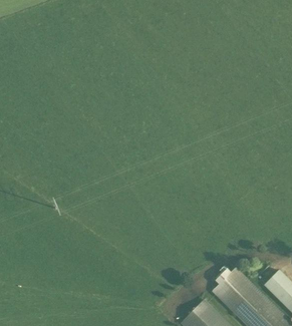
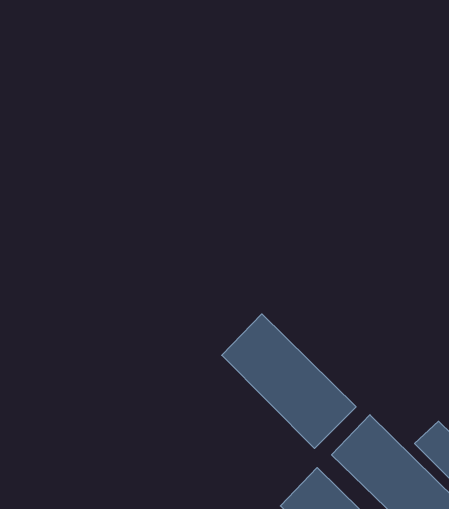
building: none -> [222,314,356,448]

